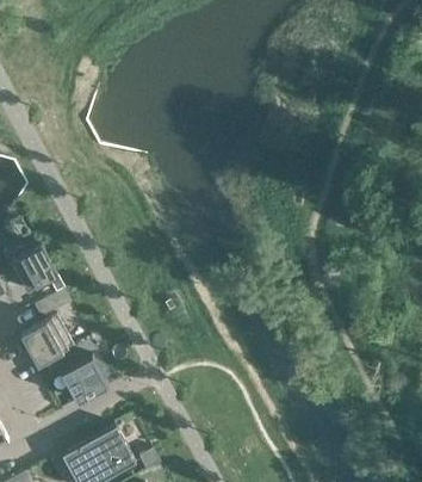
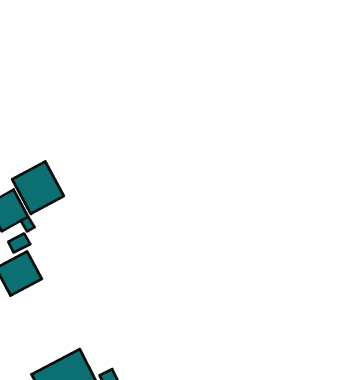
building: none -> [12,161,64,214]
building: [61,357,108,404] -> none

